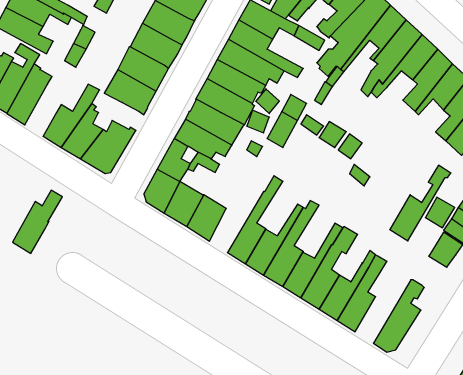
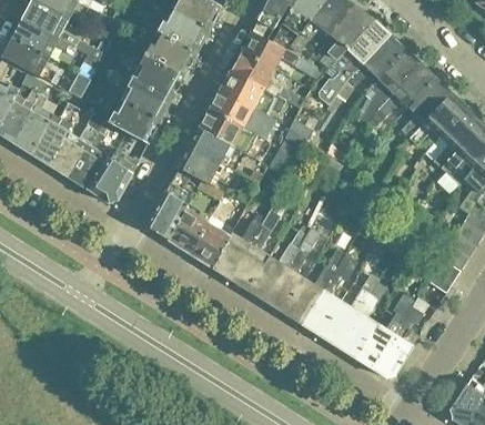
building: [390,165,451,241] -> [354,293,414,367]
building: none -> [211,213,264,279]
building: [13,190,62,253] -> [30,102,79,164]

